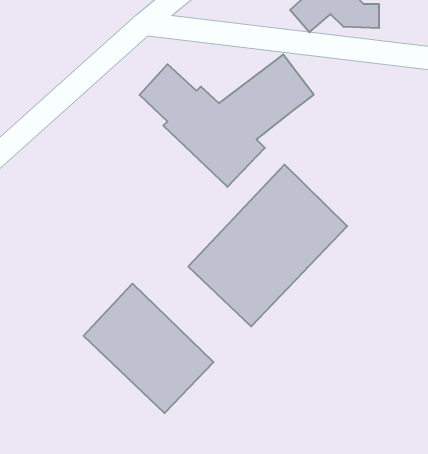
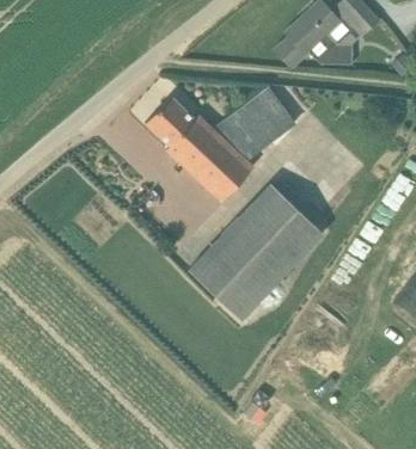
building: [84,284,214,413] -> none

